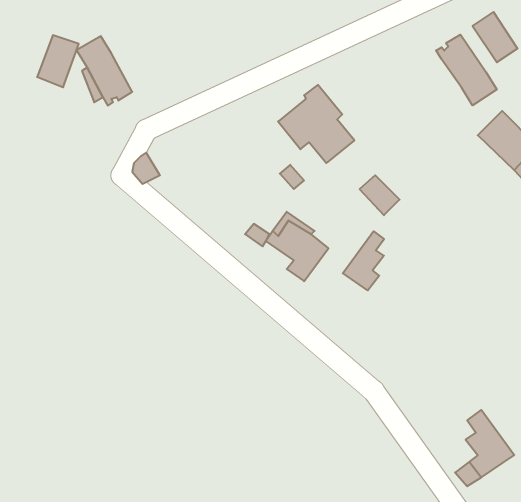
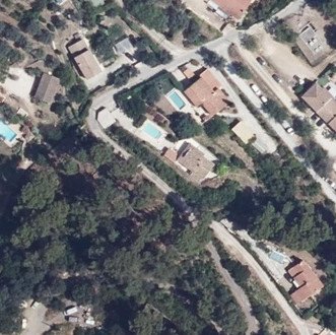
building: [436,35,497,105] -> none
building: [37,35,79,87] -> [35,72,59,103]
building: [343,231,384,290] -> none

